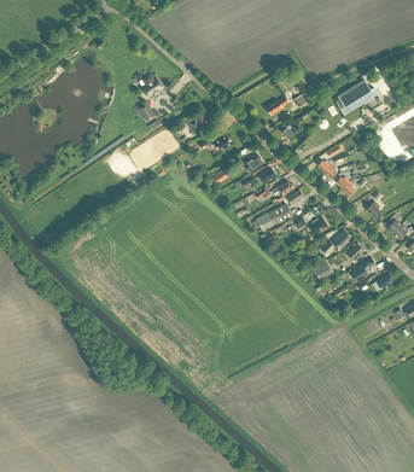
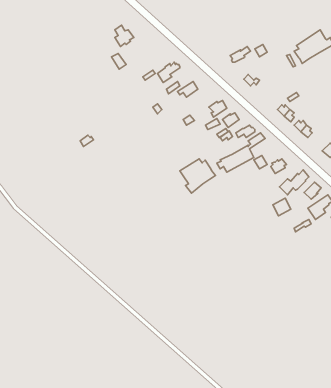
building: none -> [180,159,215,193]

